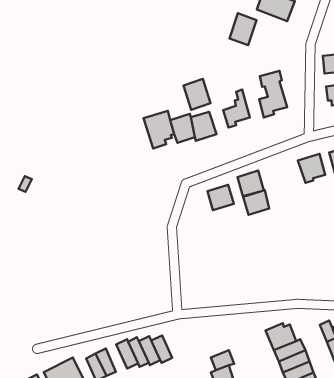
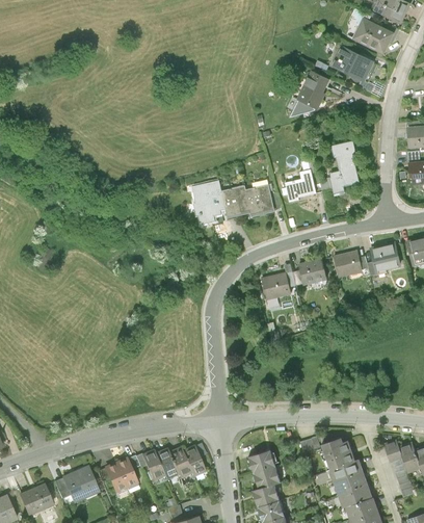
building: [184,79,210,110] -> none
building: [243,190,269,215] -> [332,250,362,278]
building: none -> [247,450,274,474]

